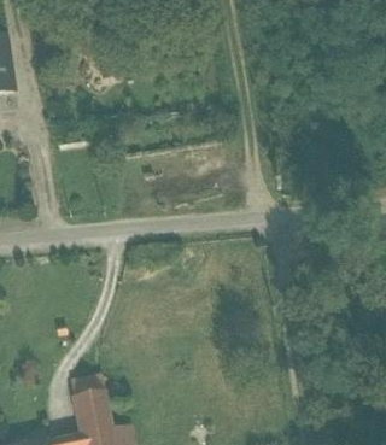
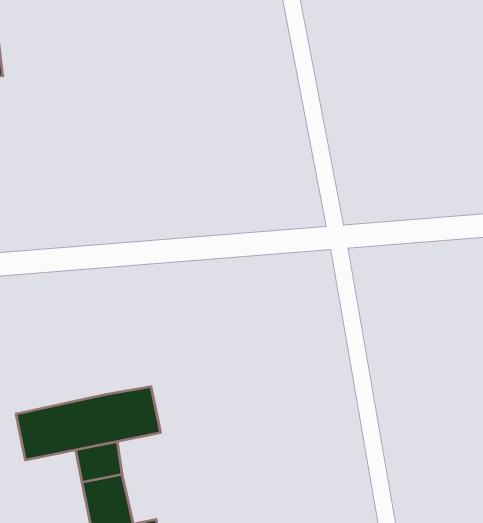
building: none -> [16,387,160,460]

